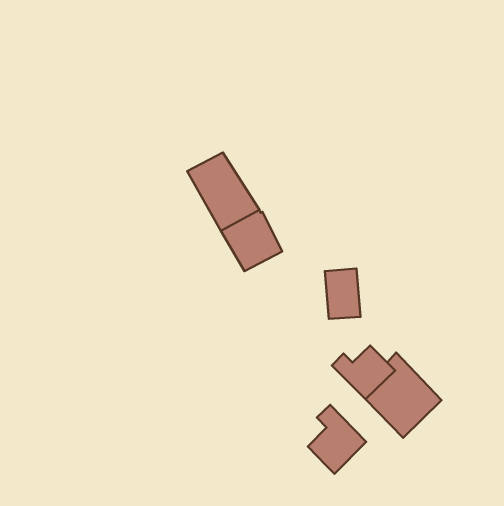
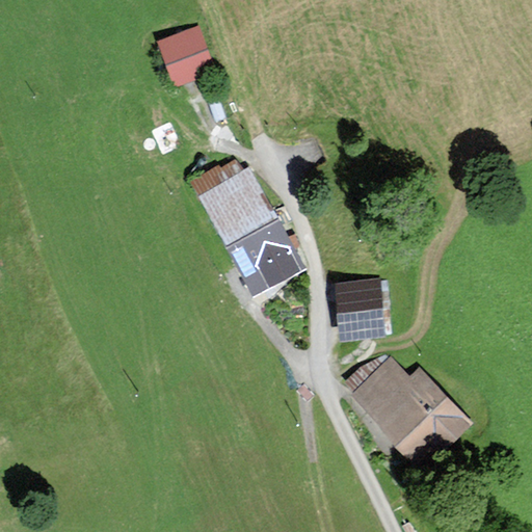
building: none -> [163,32,206,79]
building: [308,405,366,474] -> none

